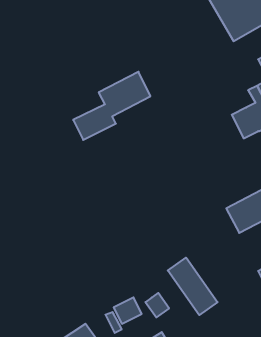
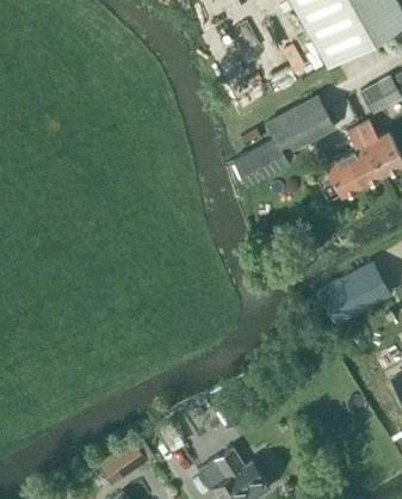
building: [73,72,150,140] -> [234,97,335,186]
building: [168,258,218,315] -> none

